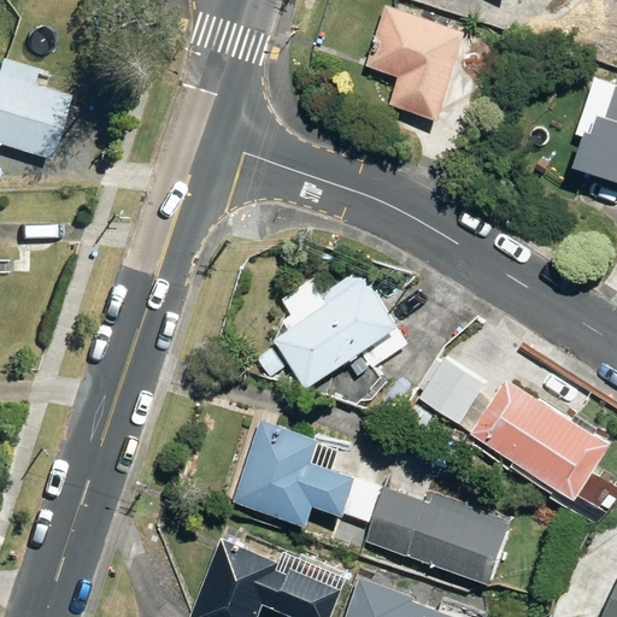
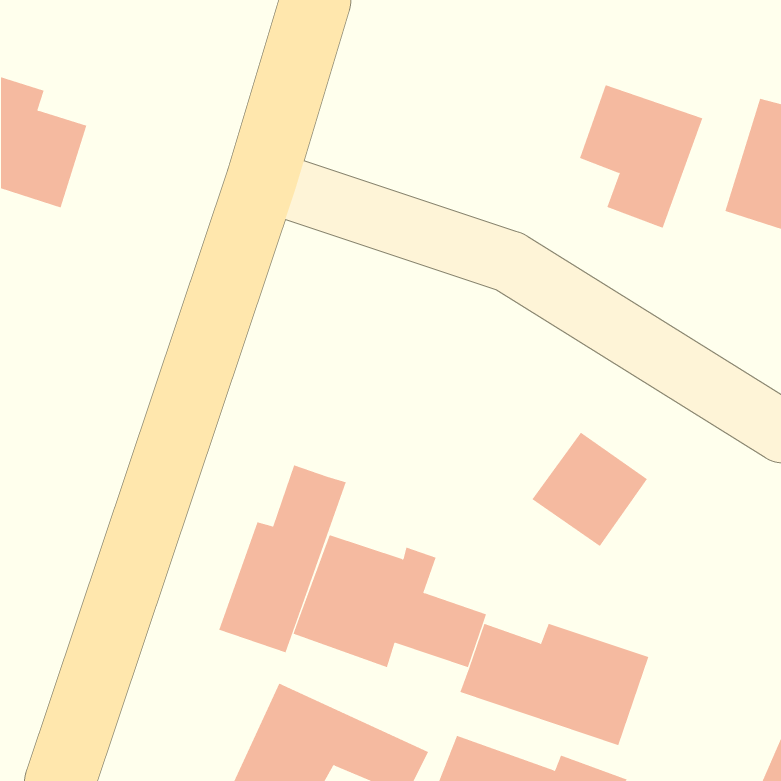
building: [365,7,463,121] -> [579,85,703,229]
building: [271,270,411,390] -> none
building: none -> [218,465,346,653]
building: [474,378,609,501] -> none

